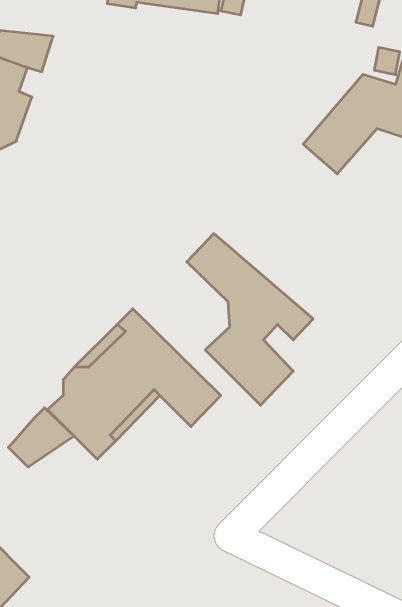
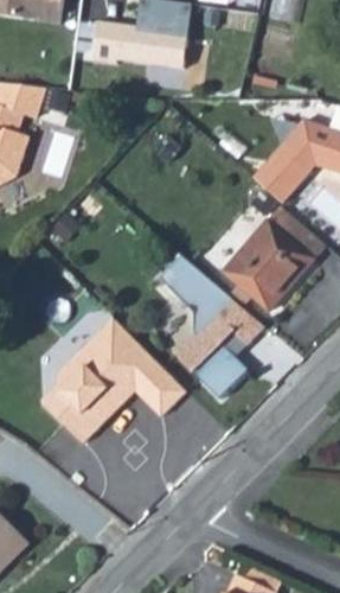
building: none -> [225,206,327,310]
building: [8,408,74,467] -> none

